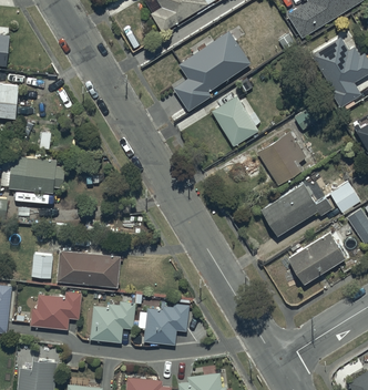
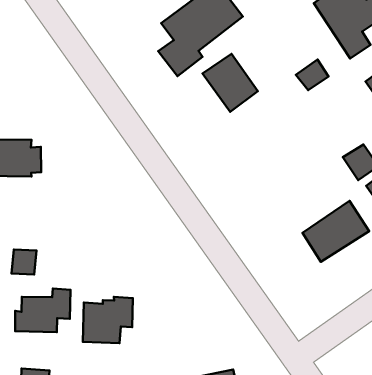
building: [256,131,306,187] -> none
building: [260,181,334,235] -> none
building: [57,250,123,289] -> none
building: [144,304,191,347] -> none

